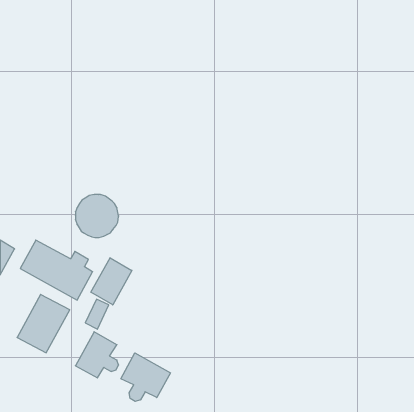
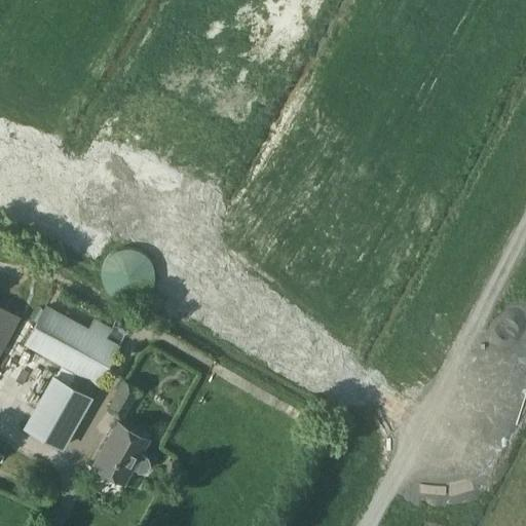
building: [91,258,132,305] -> none
building: [121,353,170,401] -> none

